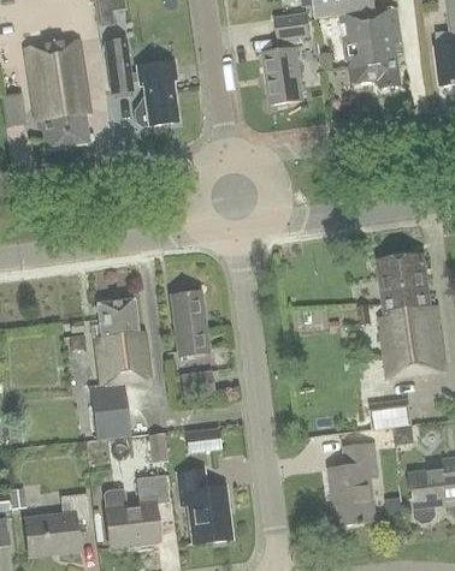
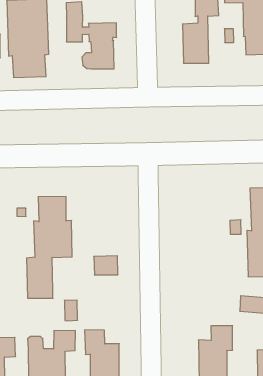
building: [169,289,207,355] -> none
building: [184,427,219,452] -> none

